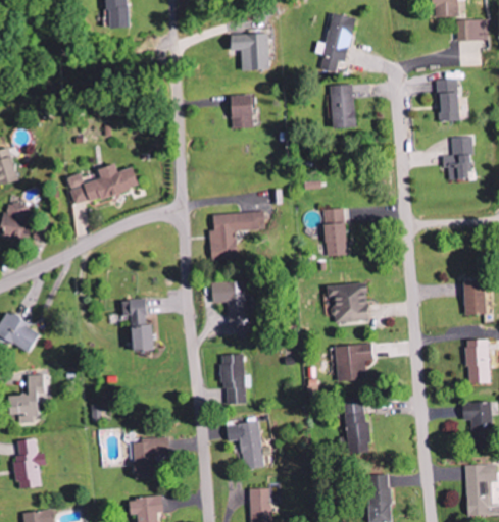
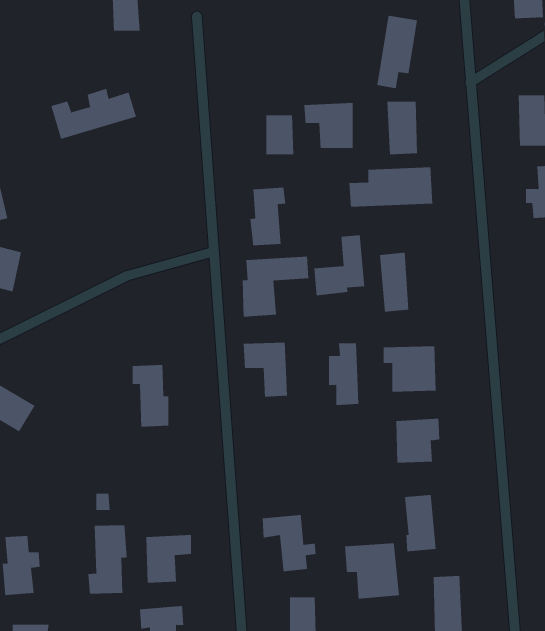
building: [228,33,268,70] -> [303,102,353,149]
building: none -> [349,166,433,208]
building: none -> [250,187,286,246]
building: [67,164,138,206] -> [50,88,137,139]
building: none -> [314,234,365,296]
building: [220,354,246,405] -> [328,343,359,405]
building: [17,374,46,421] -> none
building: none -> [88,524,127,594]
building: none -> [345,542,399,599]

